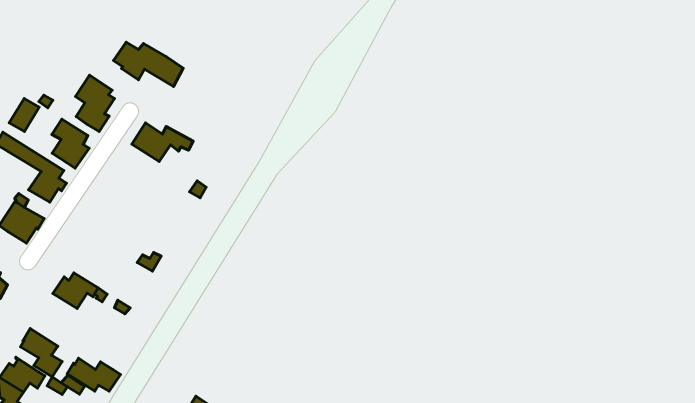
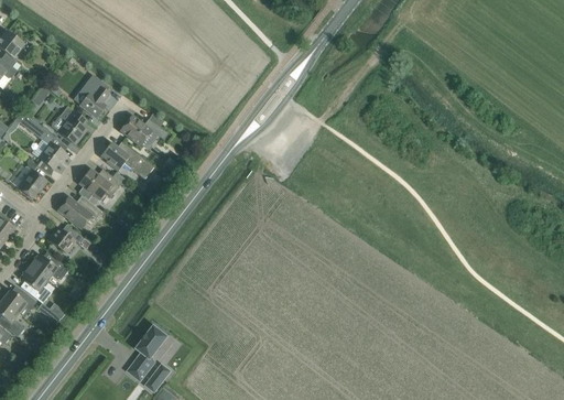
building: [114,42,183,86] -> [100,142,153,180]
building: none -> [78,169,122,199]
building: none -> [58,197,102,228]
building: [67,358,120,391] -> [29,253,69,281]

